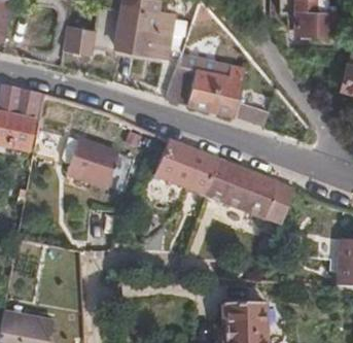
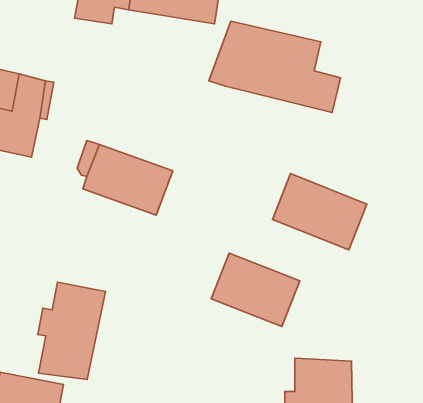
building: [155,142,221,197] -> [211,253,300,327]
building: none -> [38,282,106,379]

